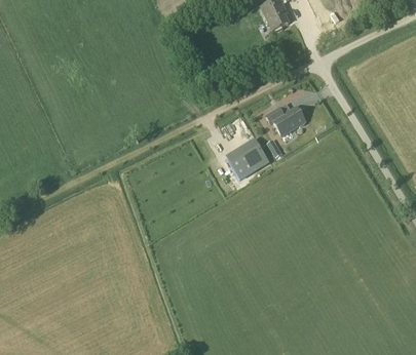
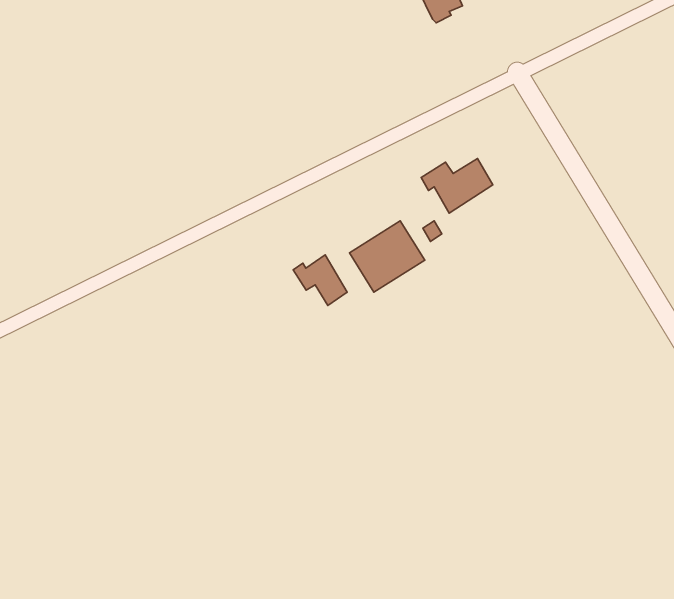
building: none -> [293,255,347,305]

